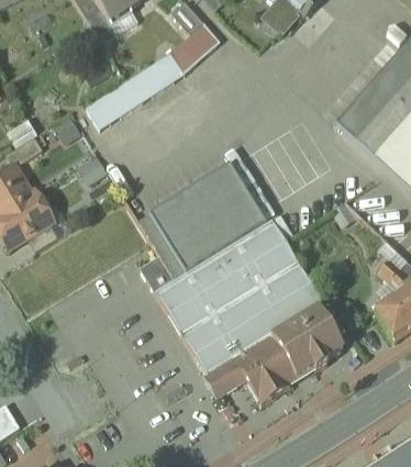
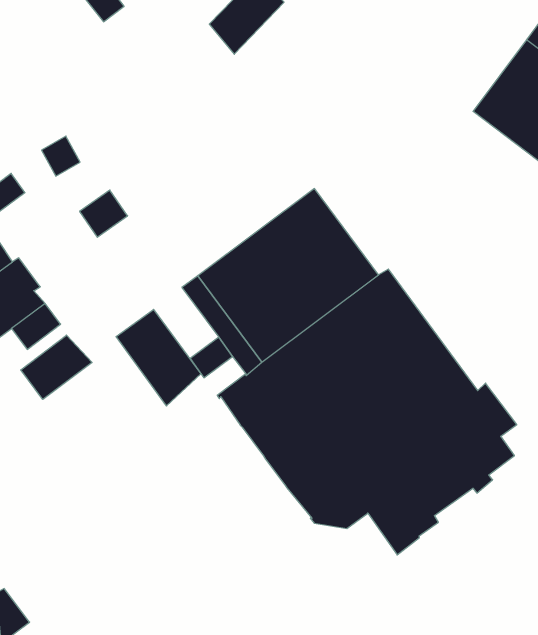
building: [87,51,186,127] -> none
building: none -> [116,309,201,406]
building: none -> [21,335,92,399]

